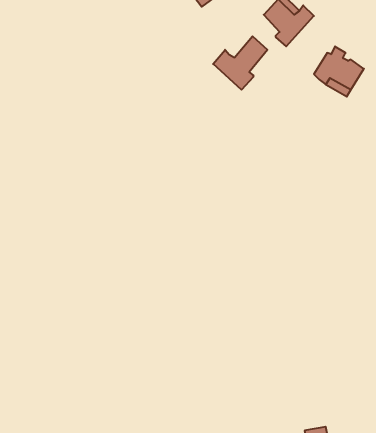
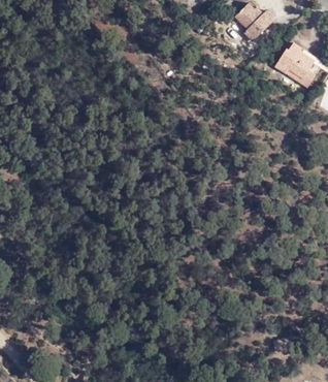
building: [213,36,267,90] -> none

